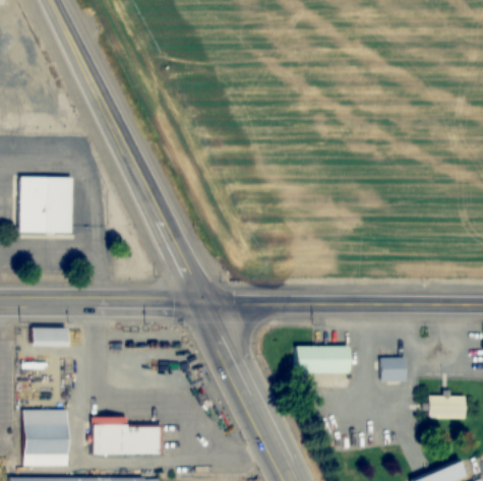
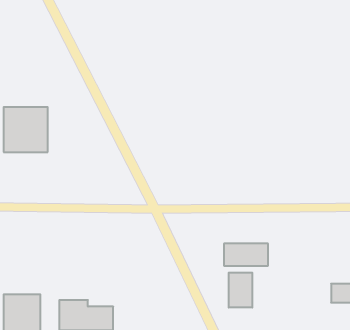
building: [29,328,65,347] -> none
building: [381,358,408,382] -> none
building: none -> [229,273,252,308]

